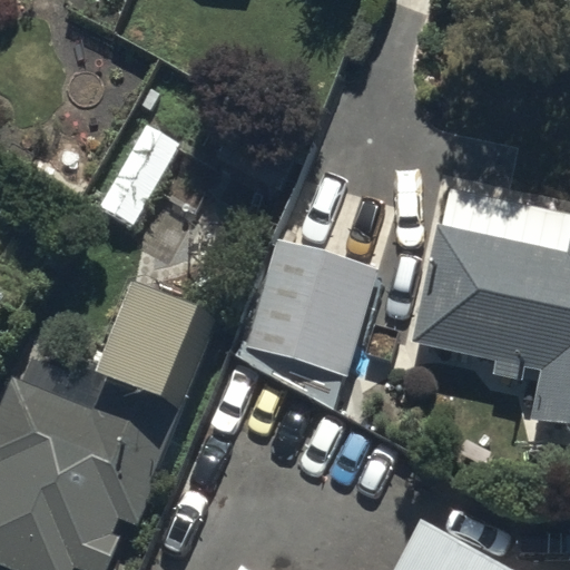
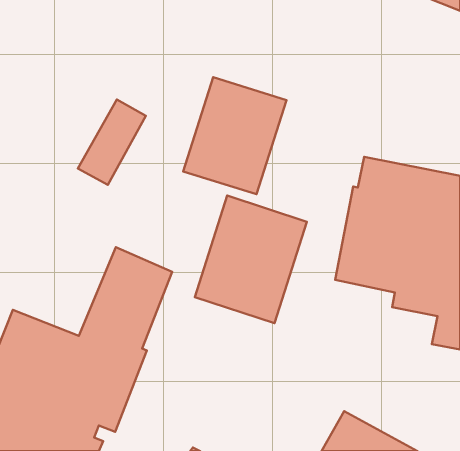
building: none -> [183,77,287,194]

